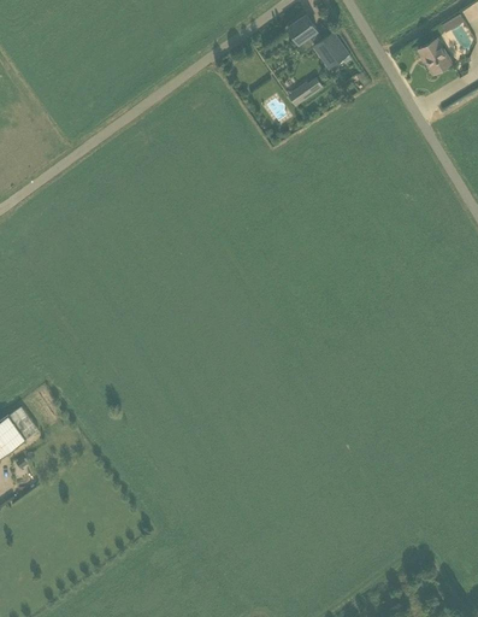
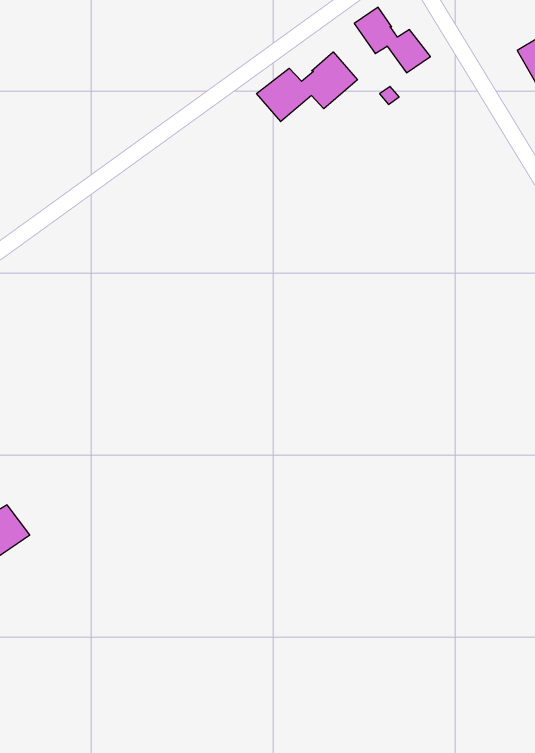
building: none -> [257,52,357,122]

